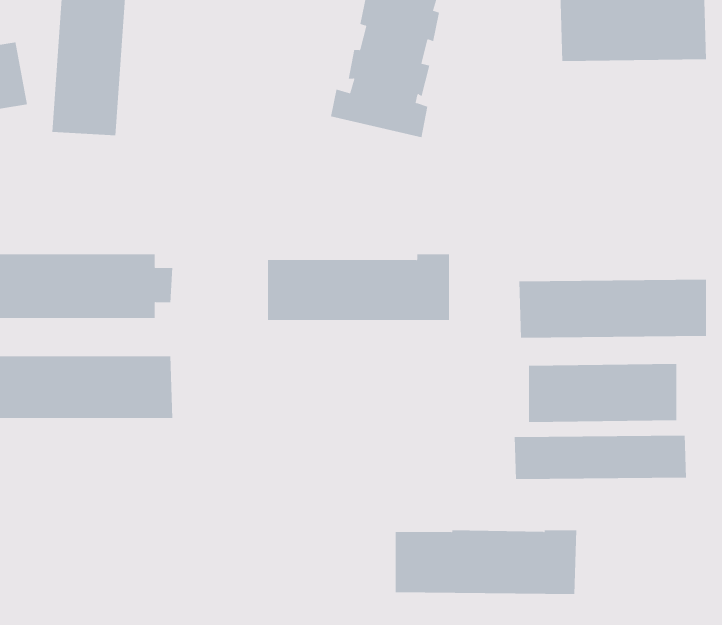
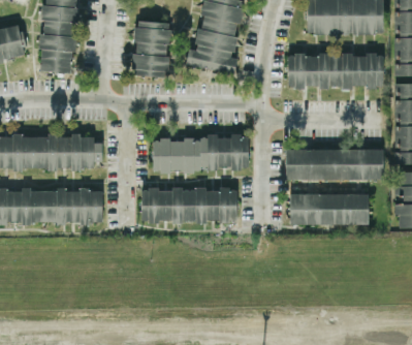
building: none -> [131,20,172,76]
building: none -> [288,53,384,88]
building: [514,435,686,480] -> none
building: [395,530,577,594] -> [141,188,237,222]

